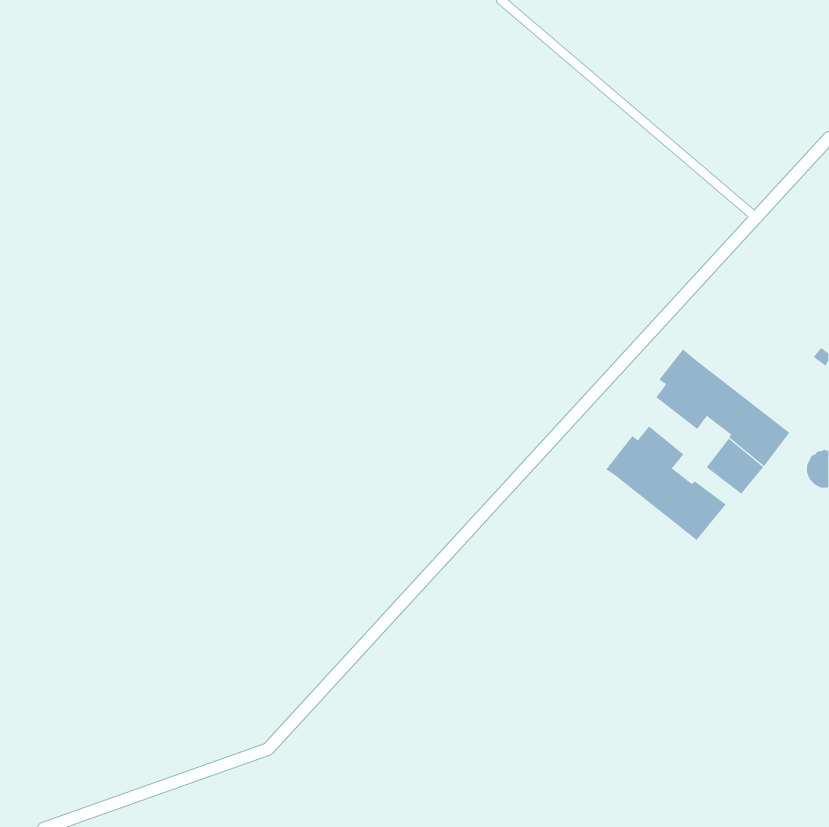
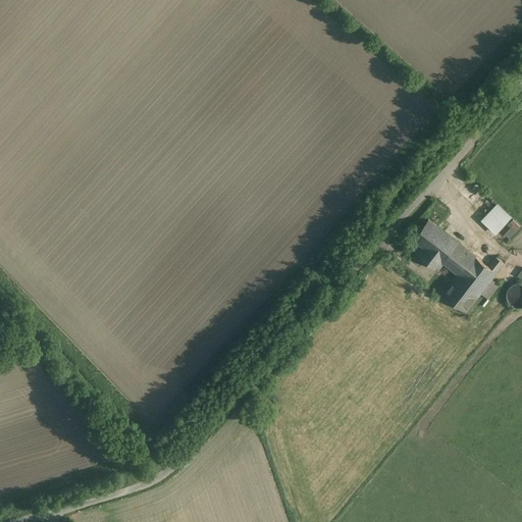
building: none -> [481,204,512,234]
building: [606,426,726,541] -> none

